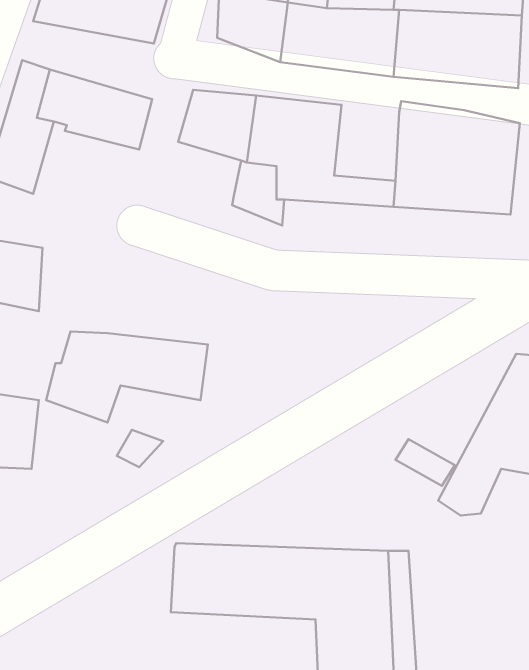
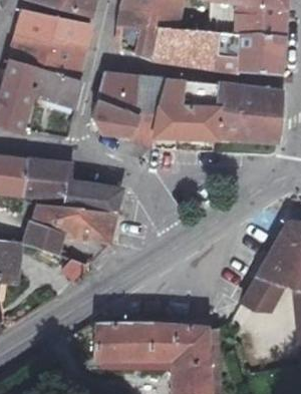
building: none -> [12,38,83,78]
building: none -> [181,83,216,124]
building: none -> [92,103,130,132]
building: none -> [21,160,121,213]

